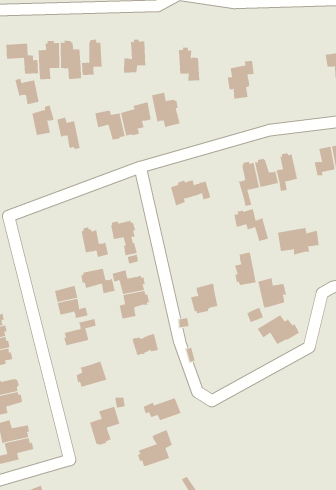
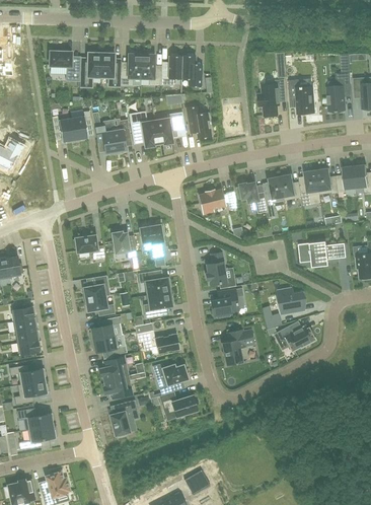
building: none -> [141,52,161,84]
building: [177,47,200,81] -> [181,53,202,85]
building: none -> [328,72,351,111]
building: none -> [288,78,314,113]
building: [15,78,39,105] -> [52,116,74,141]
building: none -> [112,119,131,153]
building: none -> [316,166,339,194]
building: [233,209,269,241] -> [235,182,268,213]
building: [234,252,256,286] -> [206,251,226,283]
building: [80,268,115,294] -> [73,234,105,259]
building: none -> [221,329,254,365]
building: none -> [91,335,127,355]
building: none -> [159,364,188,394]
building: none -> [103,374,133,398]
building: [137,429,173,467] -> none

